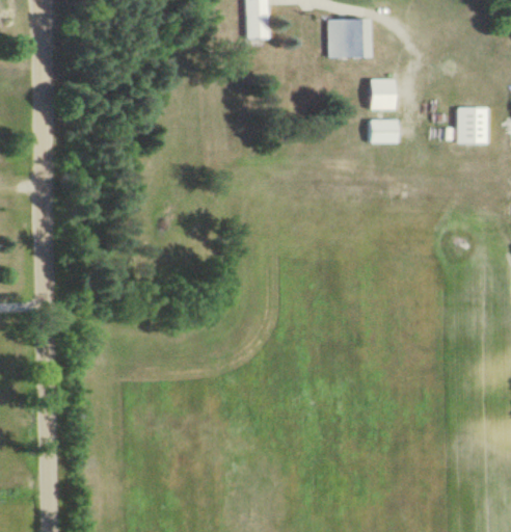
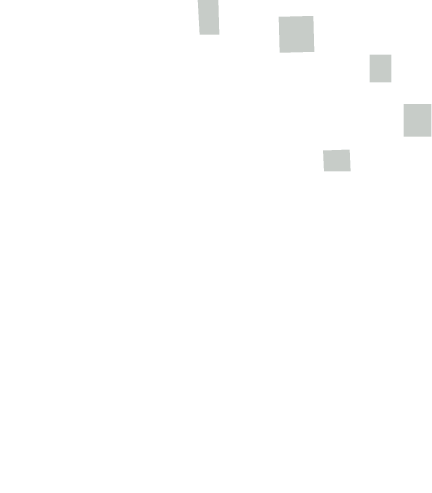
building: [370,79,394,109] -> [369,54,392,83]
building: [369,119,399,143] -> [322,149,351,172]

